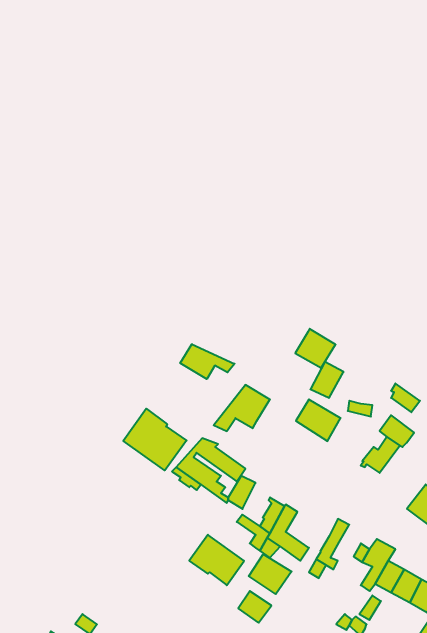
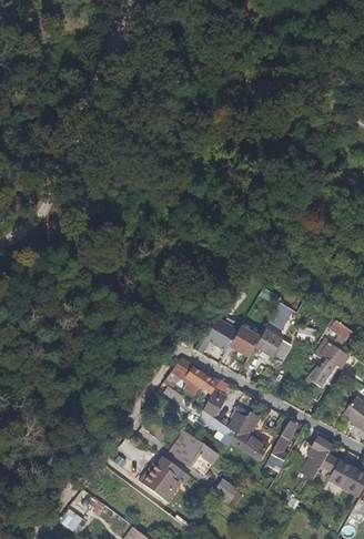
building: [295,329,336,368] -> [226,327,257,357]
building: [180,344,235,379] -> none
building: [123,409,187,470] -> none
building: [249,554,292,594] -> none
building: none -> [142,455,185,498]

